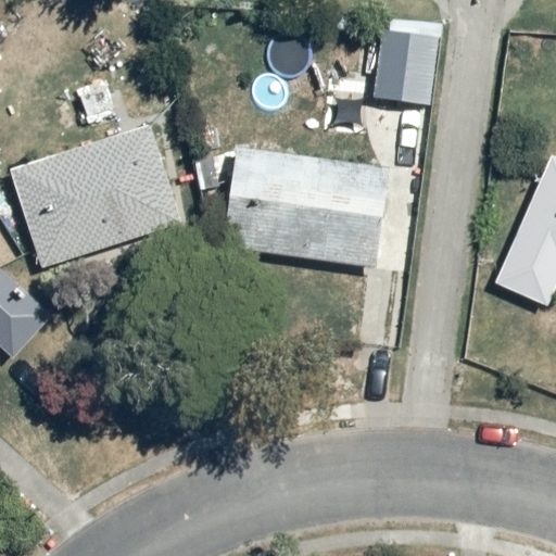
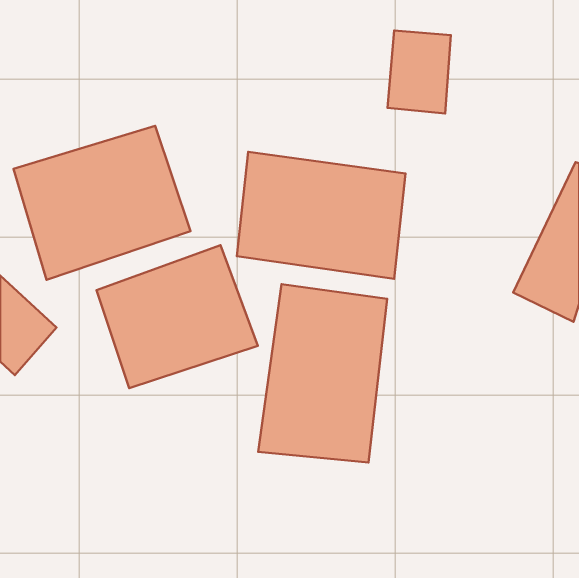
building: none -> [97,245,258,388]
building: none -> [258,284,387,462]

